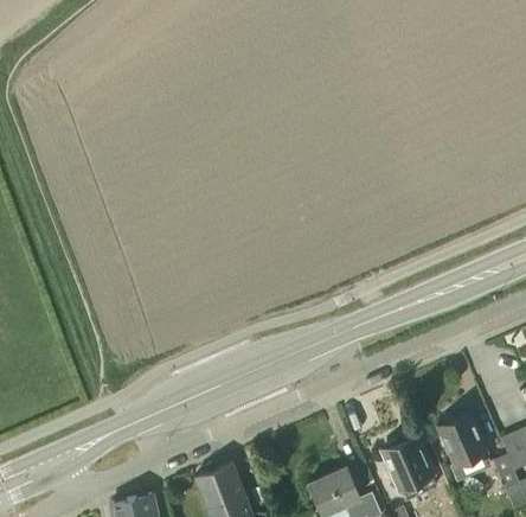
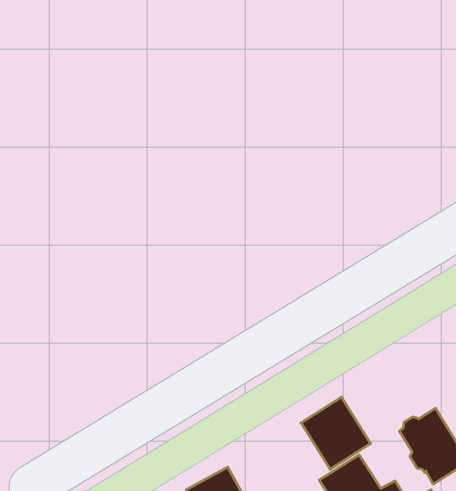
building: none -> [301,397,371,469]

